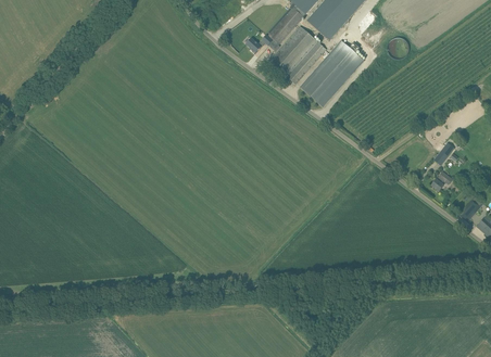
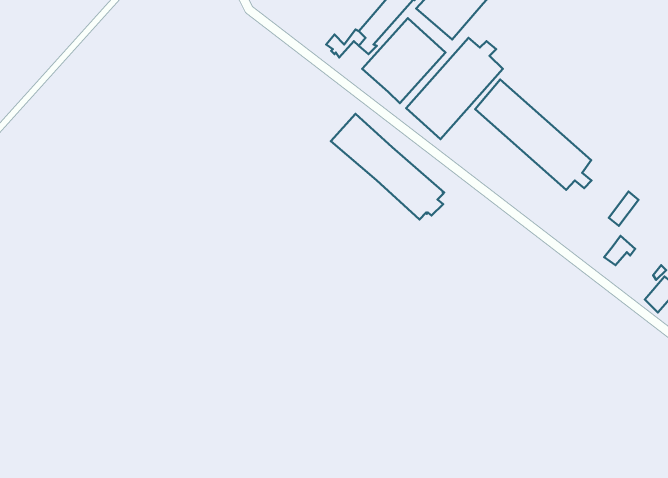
building: none -> [475,80,591,190]
building: none -> [331,114,444,220]

